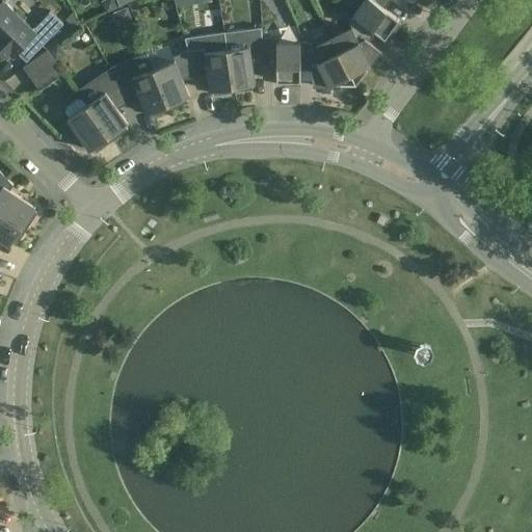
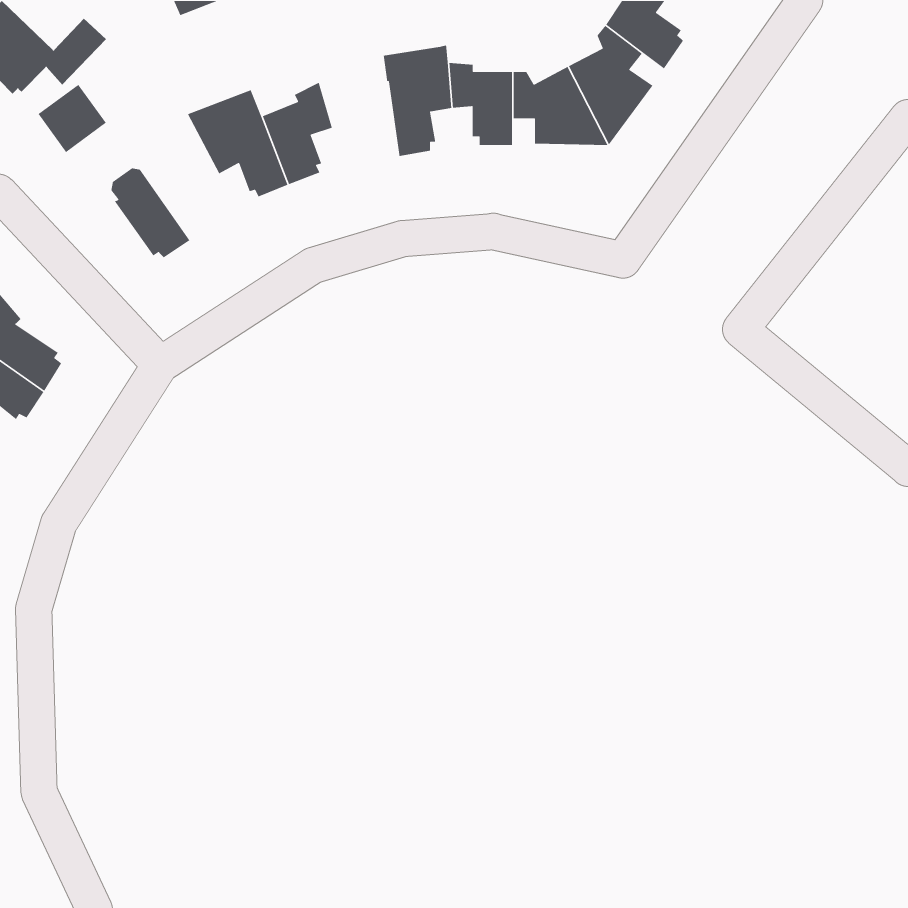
building: [184,33,233,95] -> none
building: [76,68,128,141] -> none

